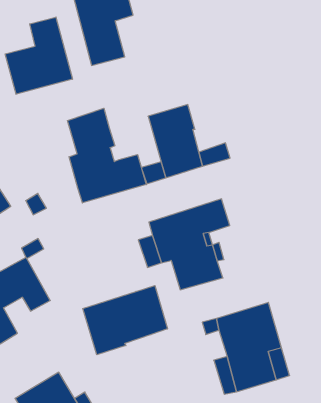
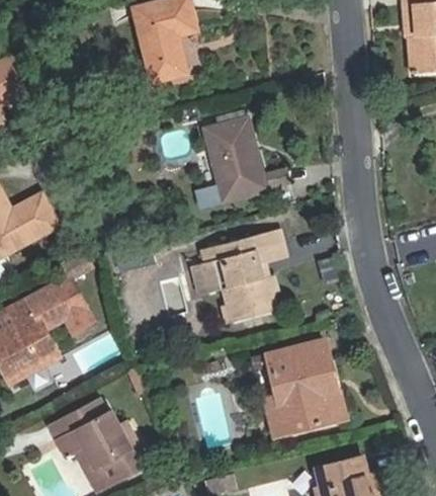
building: [5,17,72,94] -> none
building: [67,108,146,203] -> none
building: [83,286,167,355] -> none

